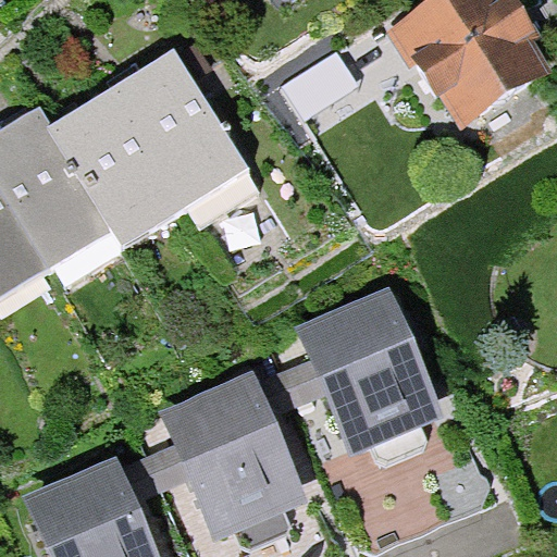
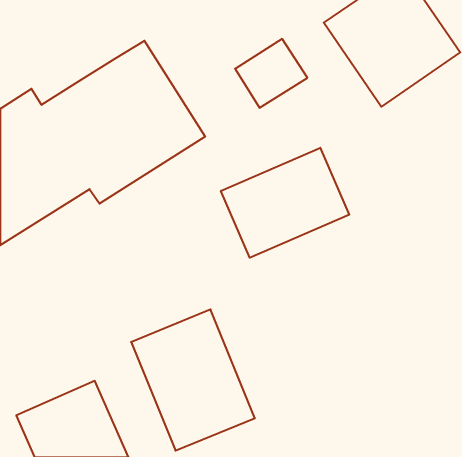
building: none -> [221,148,349,258]
building: [293,289,442,457] -> none

